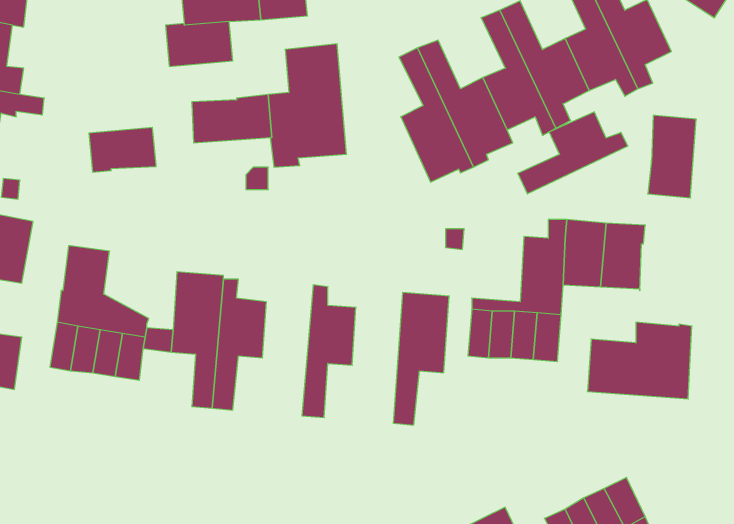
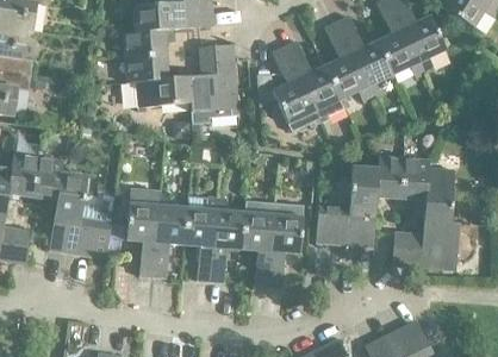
building: [518,112,628,194] -> none
building: [648,115,696,198] -> [423,170,454,223]
building: [89,127,156,172] -> [125,54,168,82]
building: none -> [31,156,63,200]
building: none -> [185,195,217,280]
building: none -> [242,199,274,284]

